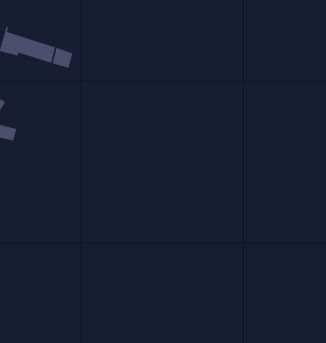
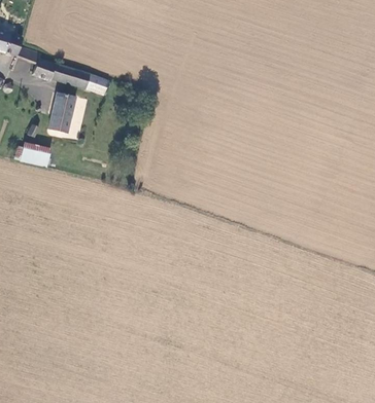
building: none -> [47,91,75,134]

